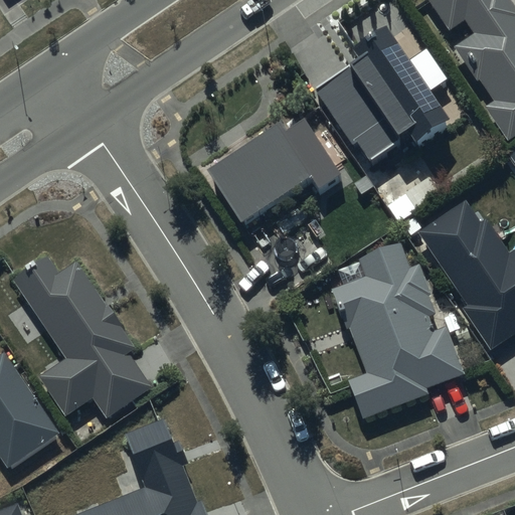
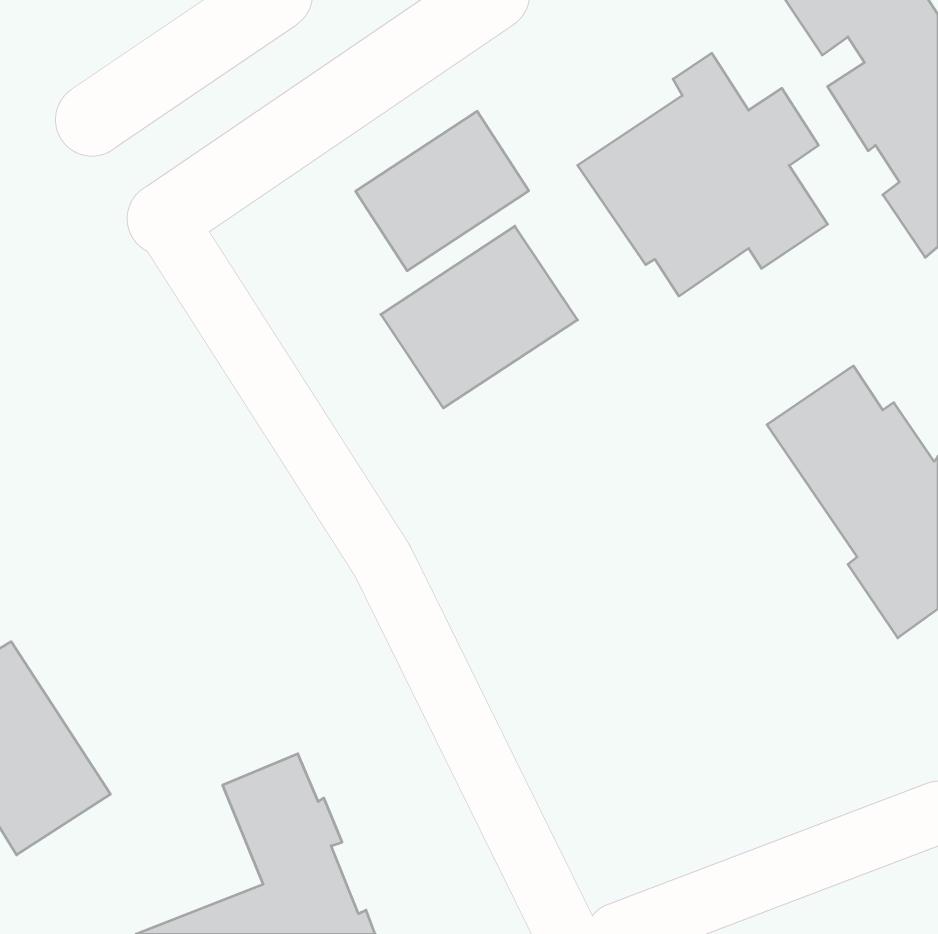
building: none -> [356,111,529,271]
building: [332,241,466,418] -> none
building: [14,256,153,417] -> none

